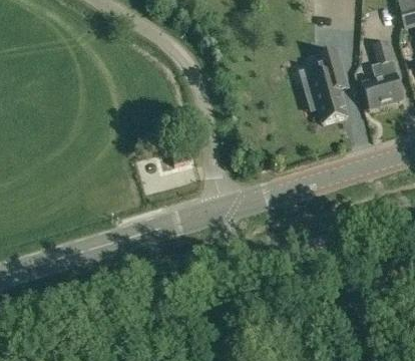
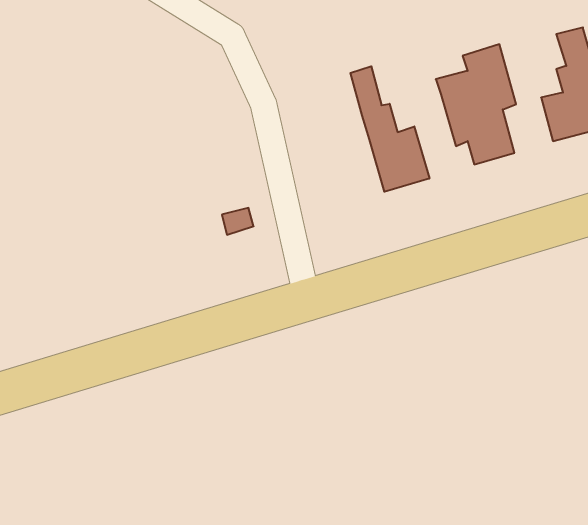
building: none -> [350,66,429,192]

